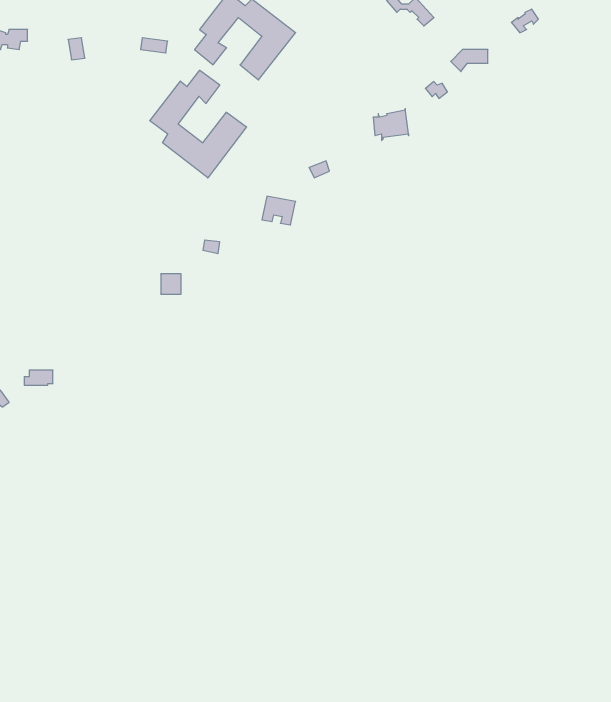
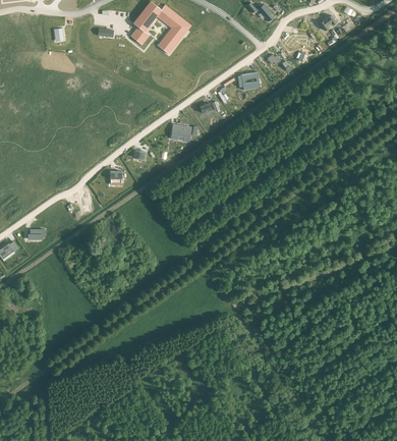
building: [150,70,247,178] -> none

